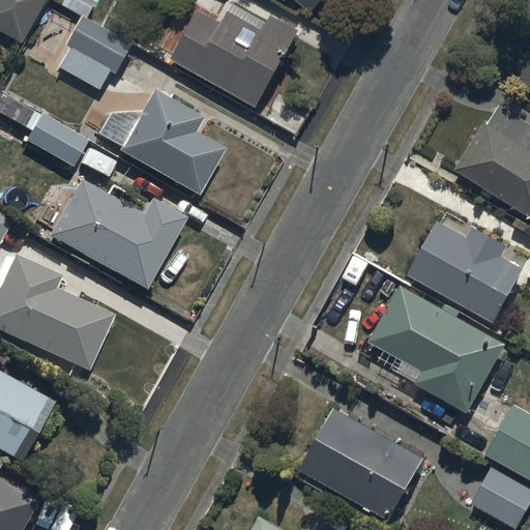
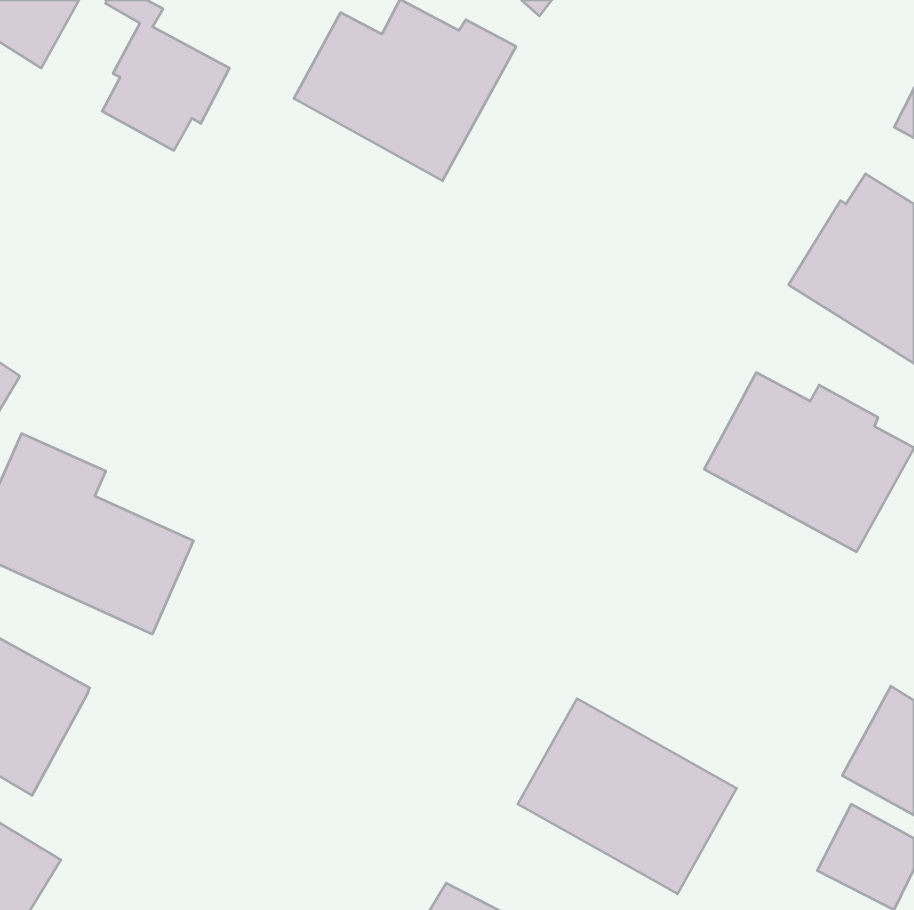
building: [94,90,224,196] -> none
building: [24,116,86,169] -> none
building: [47,176,185,289] -> none
building: [370,284,508,412] -> none

